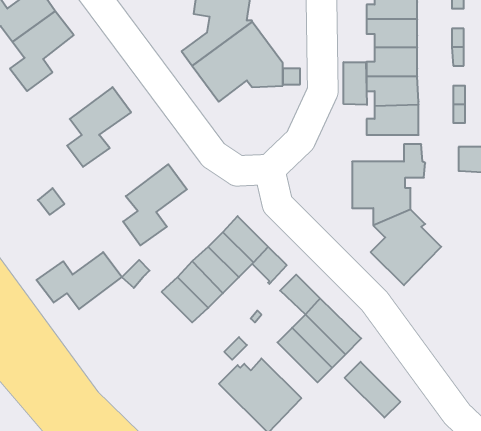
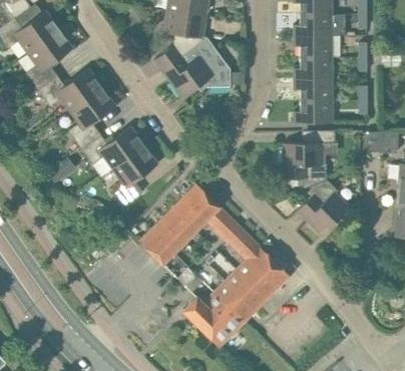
building: none -> [38,68,102,111]
building: [344,62,367,105] -> none
building: [36,252,122,309] -> [80,126,144,169]
building: [345,362,400,418] -> [215,280,257,322]

